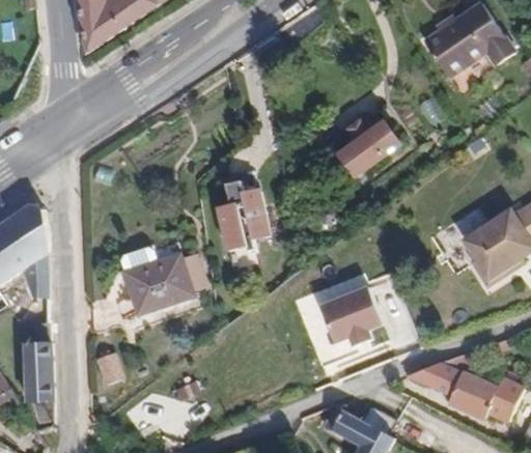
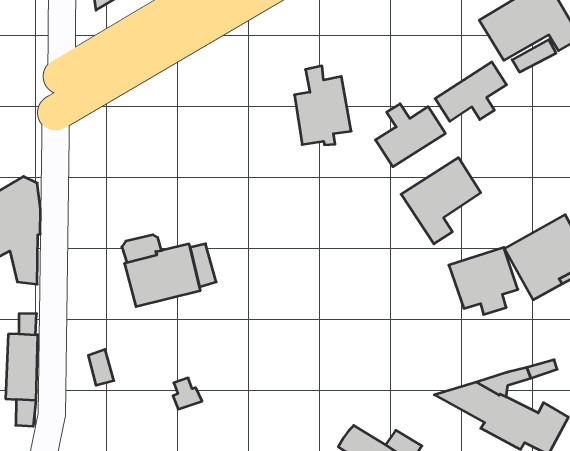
building: none -> [435,62,507,121]
building: none -> [401,158,481,244]
building: [217,179,269,250] -> [294,66,351,145]
building: [324,284,386,344] -> [449,247,518,314]

